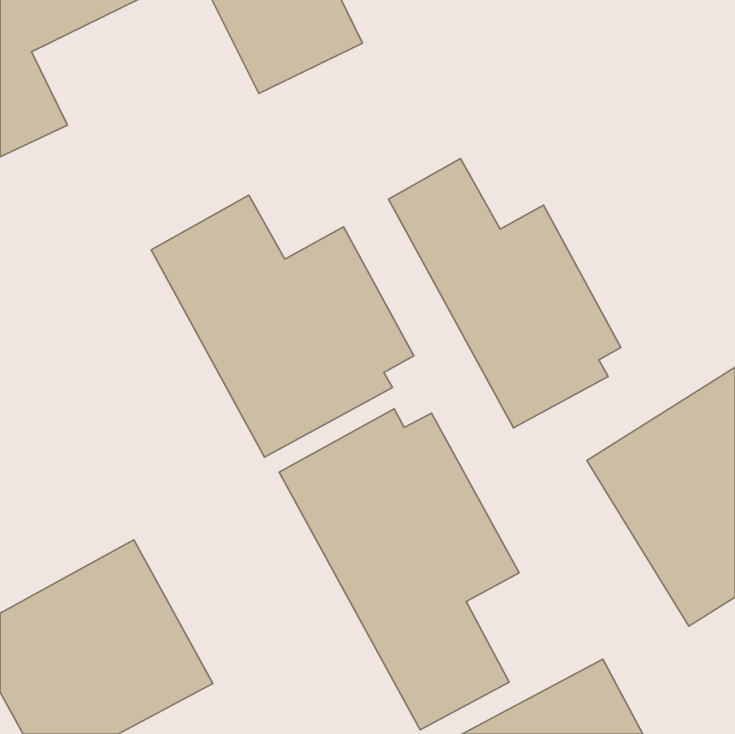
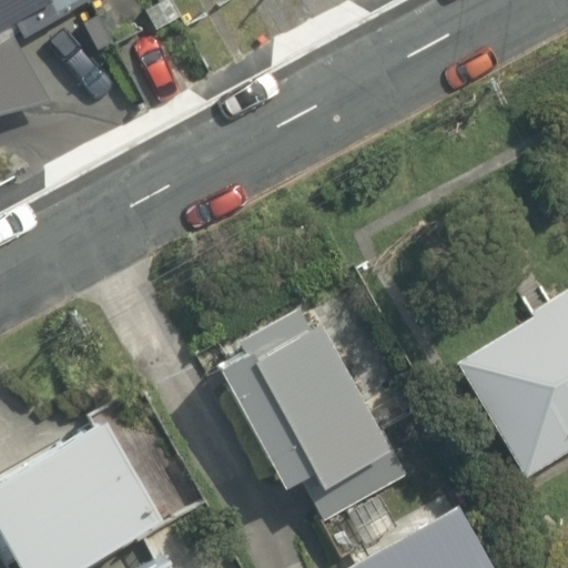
building: [388,158,621,428] -> none
building: [151,195,414,457] -> none

